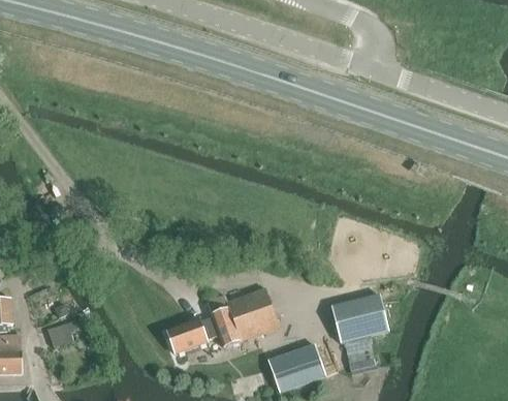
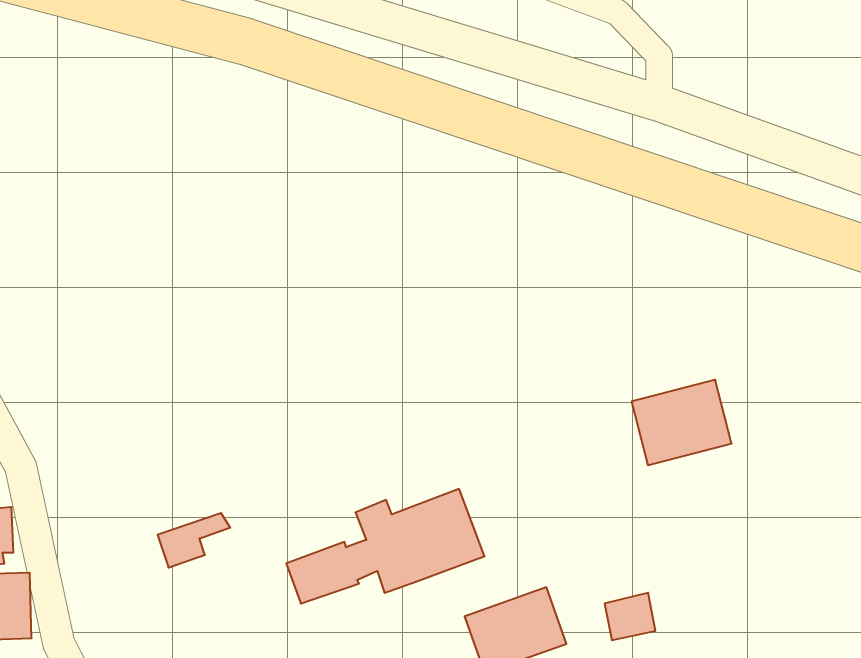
building: [330,292,387,341] -> [632,380,732,465]
building: [46,316,88,347] -> [158,513,230,568]

